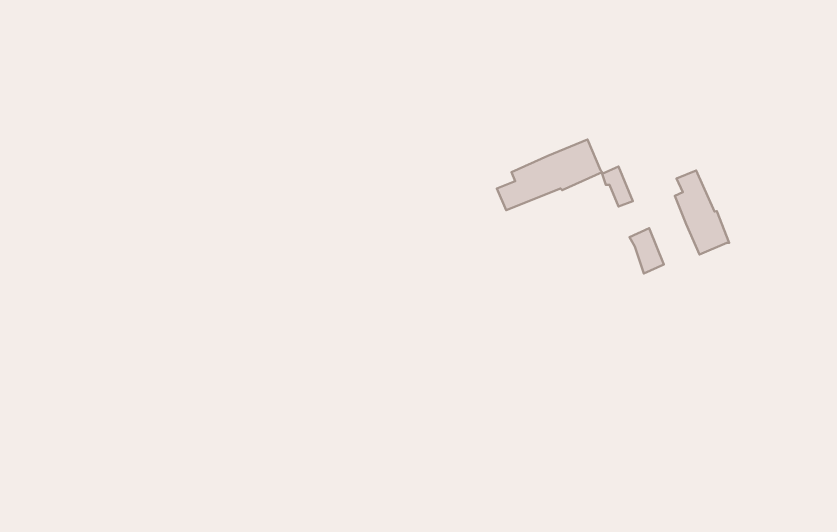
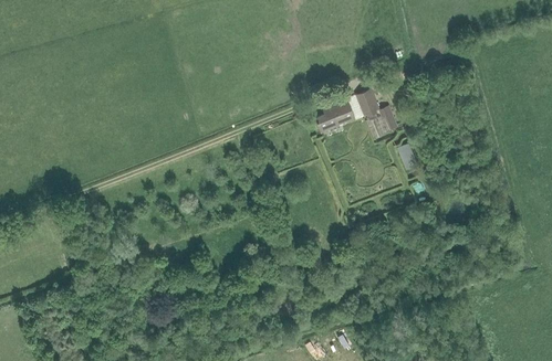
building: [675,170,729,255] -> none

